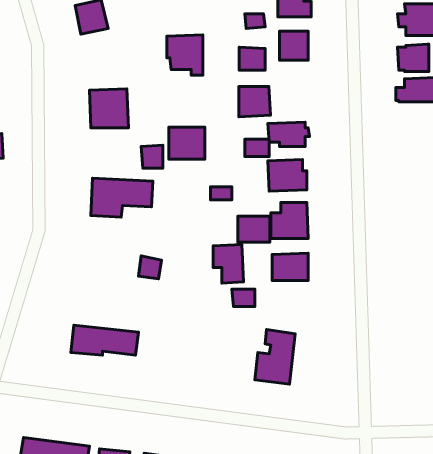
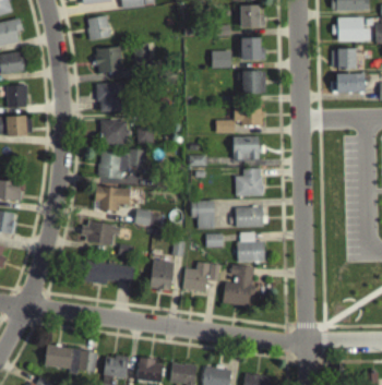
building: [167,35,203,75] -> [95,47,122,77]
building: [239,87,270,117] -> [242,71,266,94]
building: [169,127,205,159] -> [100,120,128,144]
building: [238,216,270,242] -> none
building: none -> [94,187,140,210]
building: none -> [82,222,117,245]
building: none -> [238,232,264,261]
building: none -> [150,261,174,290]
building: none -> [182,262,219,291]

